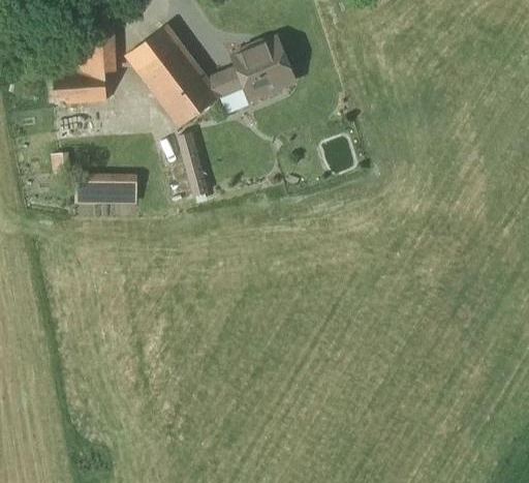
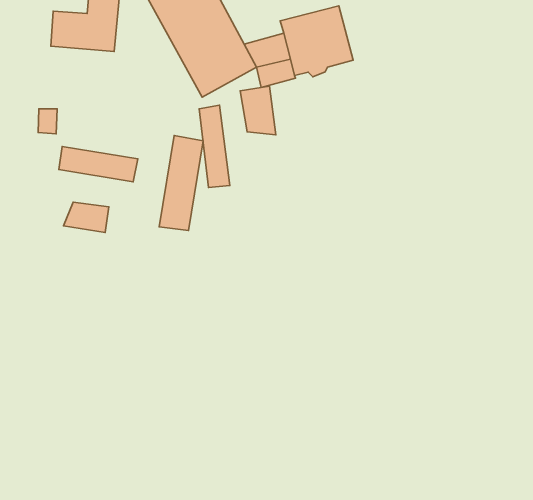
building: none -> [240,86,276,135]
building: none -> [159,136,203,231]
building: none -> [63,202,109,233]

